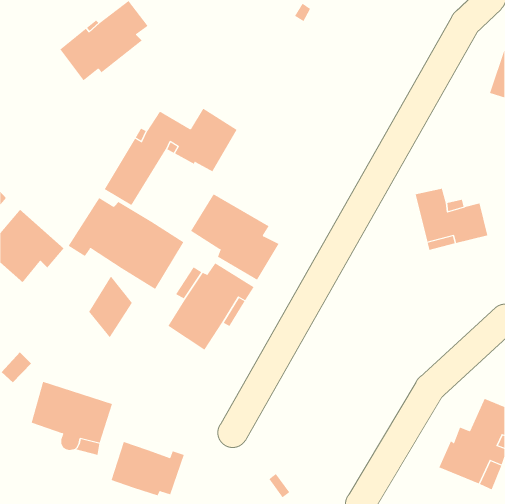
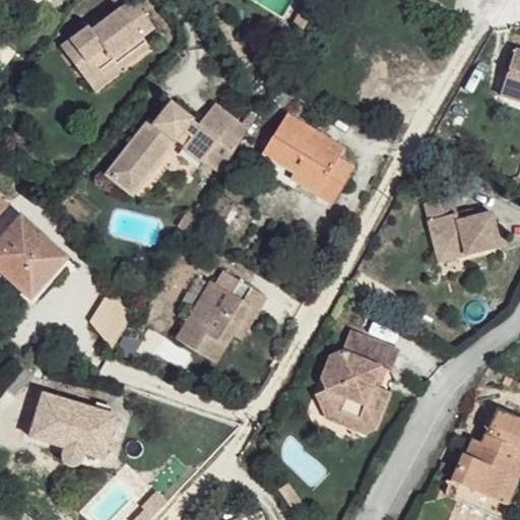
building: [190,193,279,280] -> [262,113,353,202]
building: [68,197,184,290] -> none
building: none -> [314,327,401,430]
building: [111,441,185,496] -> none

